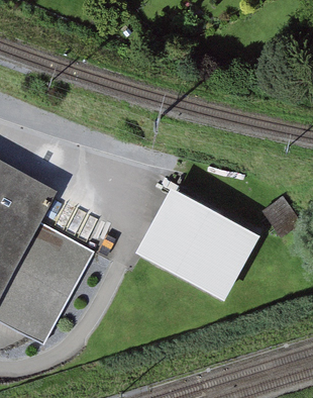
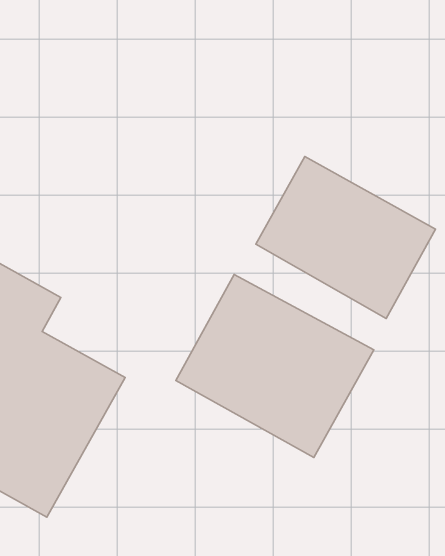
building: none -> [256,157,436,319]

